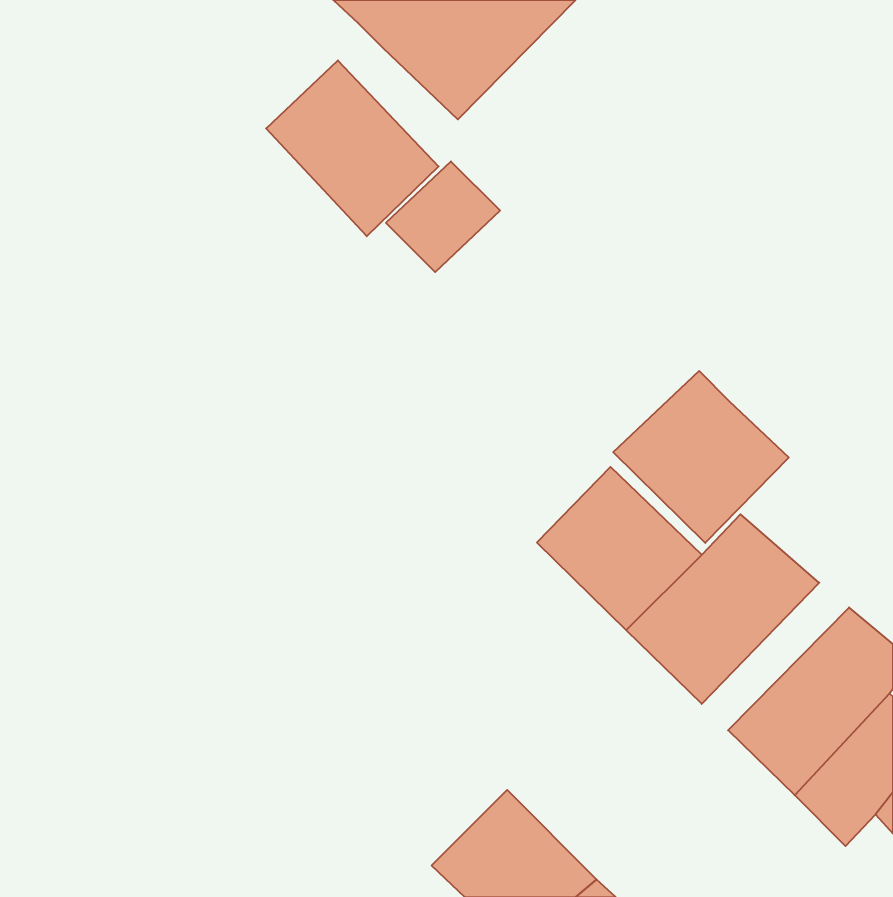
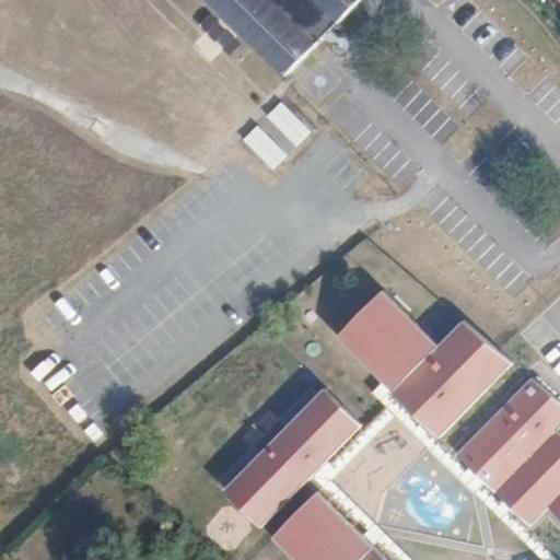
building: [266,60,439,236] -> none
building: [613,371,789,543] -> none
building: none -> [220,388,360,528]

